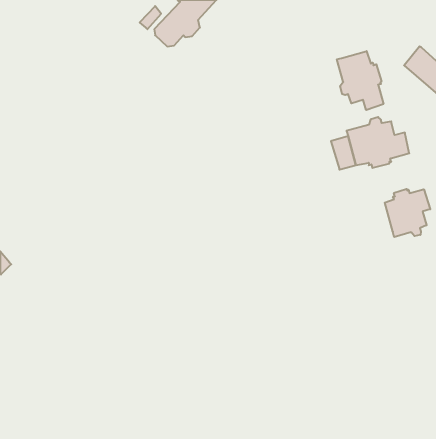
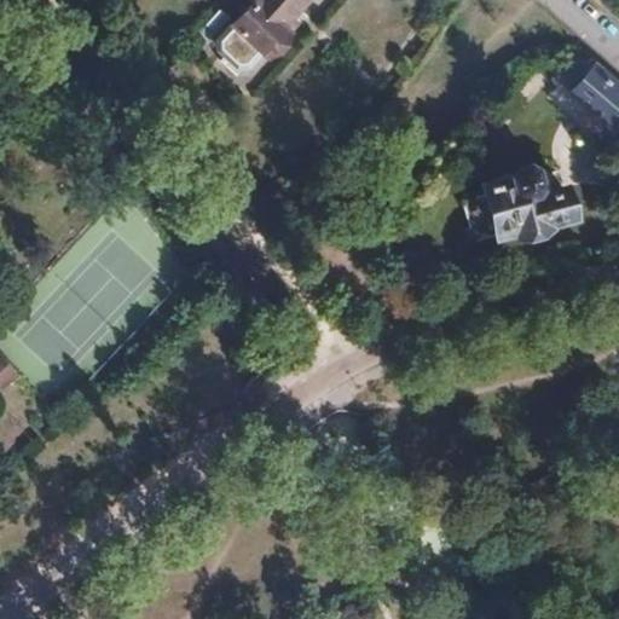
building: [337,51,383,110] -> none
building: [385,189,430,237] -> none

